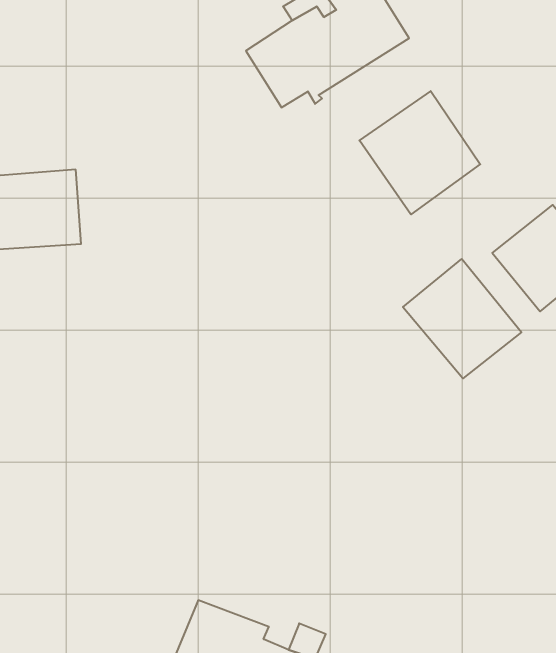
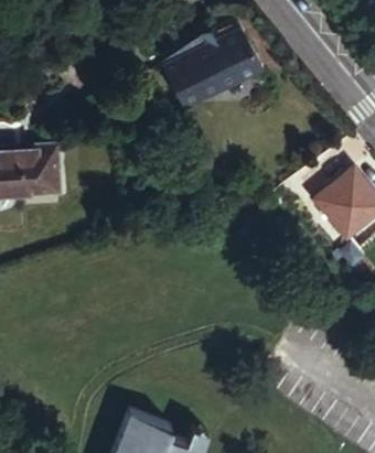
building: [359,91,480,214] -> none
building: [403,259,521,378] -> none

